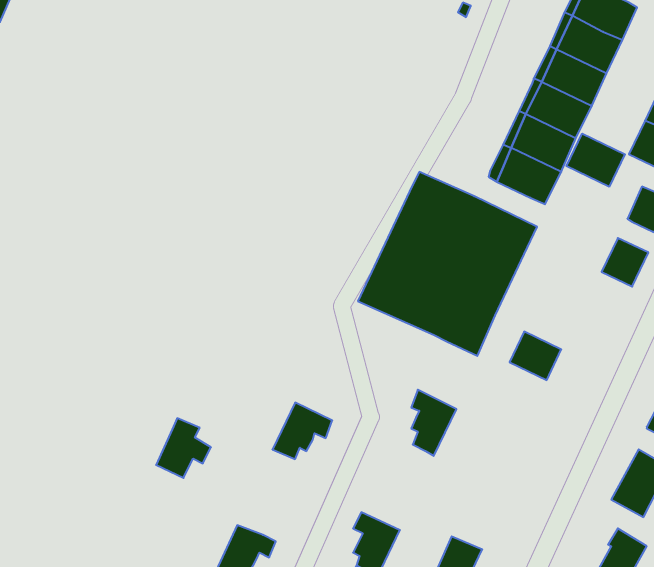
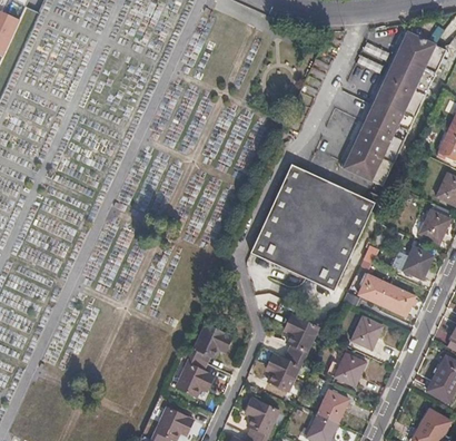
building: [566,134,625,187] -> none
building: none -> [402,247,432,278]
building: none -> [380,285,413,316]
building: none -> [350,315,383,350]
building: [156,418,211,478] -> [177,354,215,395]
building: none -> [268,351,303,389]
building: none -> [333,353,365,386]
building: none -> [315,390,347,423]

